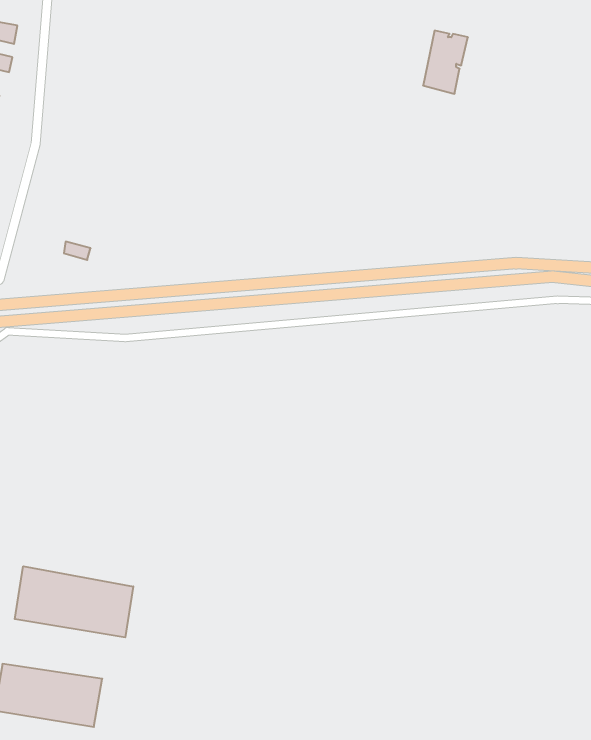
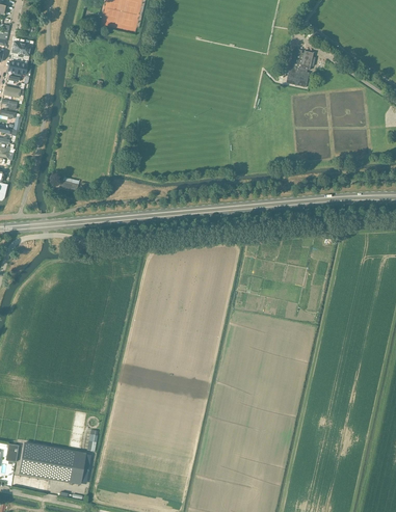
building: [15,566,133,637] -> none

